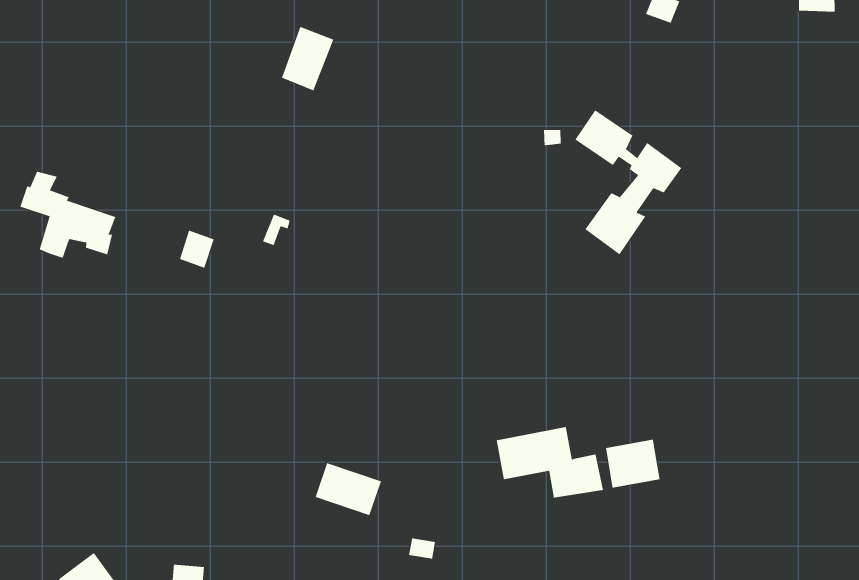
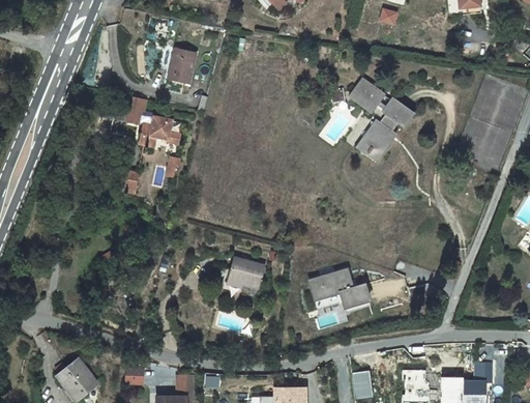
building: [19,171,116,259] -> [123,98,180,148]
building: [605,439,660,489] -> none
building: [315,462,382,516] -> [222,259,260,288]

